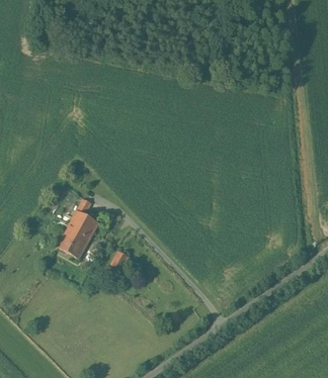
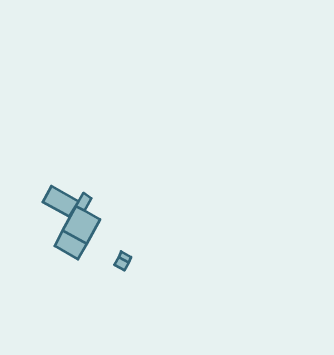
building: none -> [43,186,78,216]

